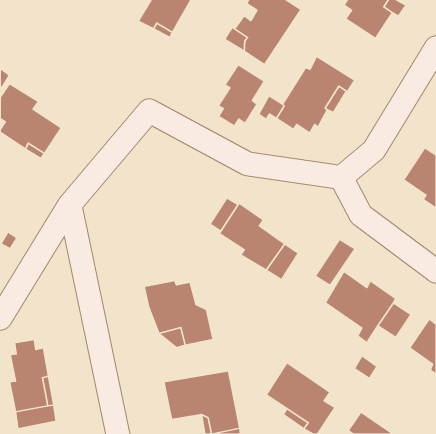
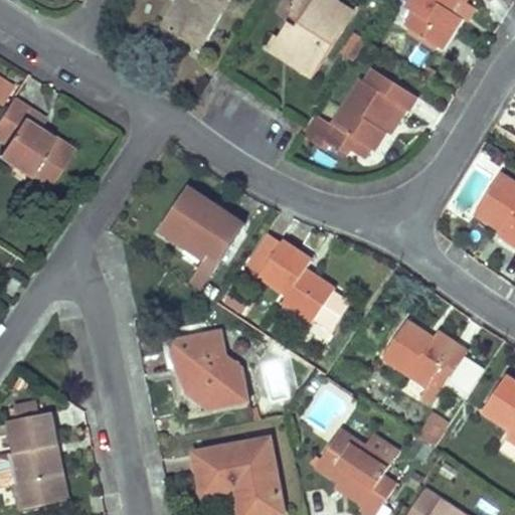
building: [218,65,265,126] -> none
building: none -> [160,191,243,260]
building: [315,239,355,286] -> none

